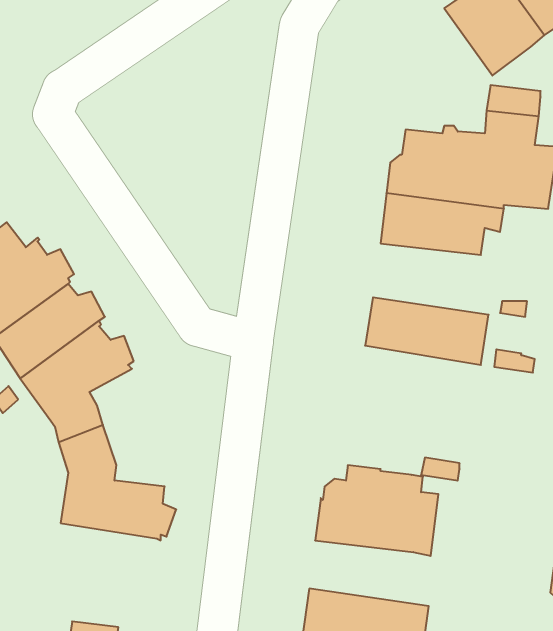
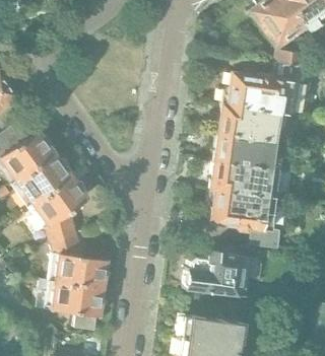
building: none -> [216,135,279,172]
building: none -> [210,189,294,251]
building: none -> [42,280,109,333]

